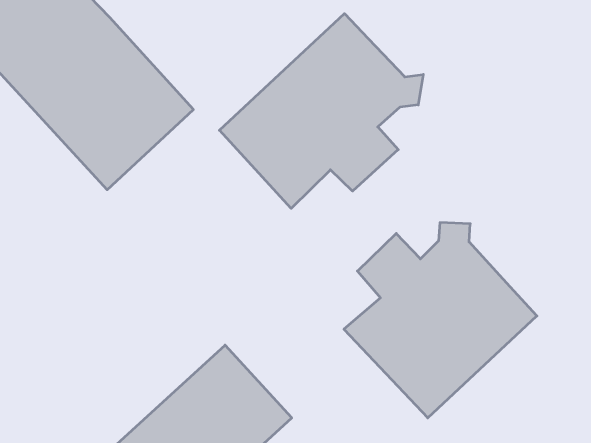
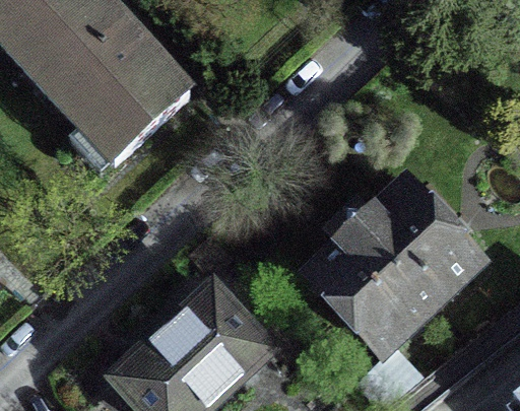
building: [219,14,423,208] -> none

